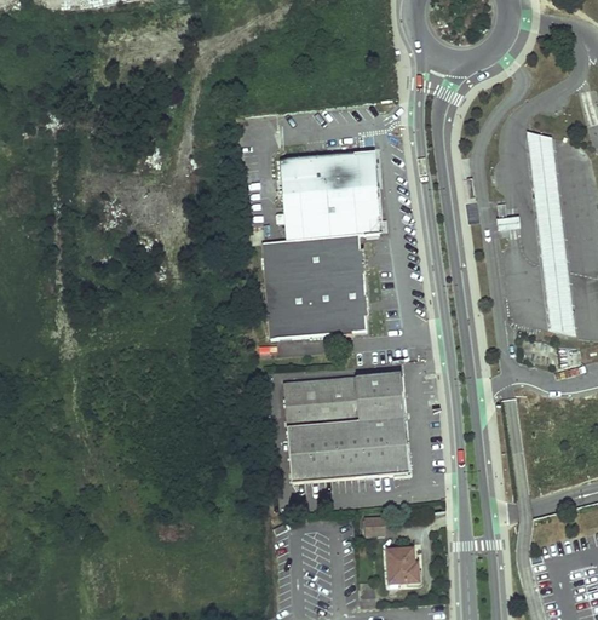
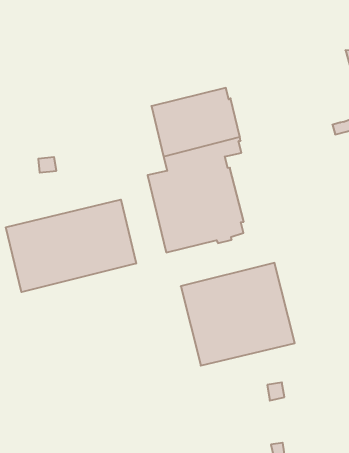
building: none -> [6,200,136,292]
building: [389,551,419,585] -> none

